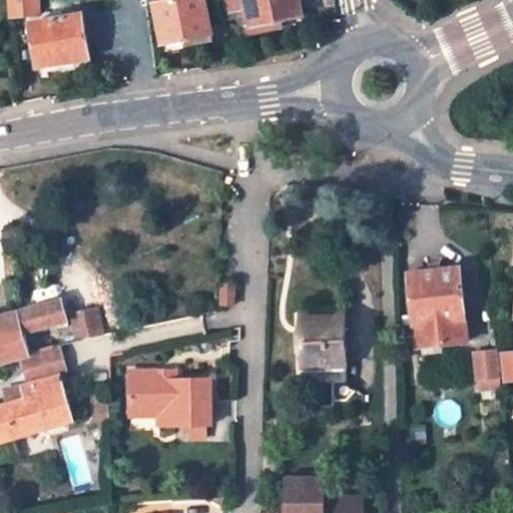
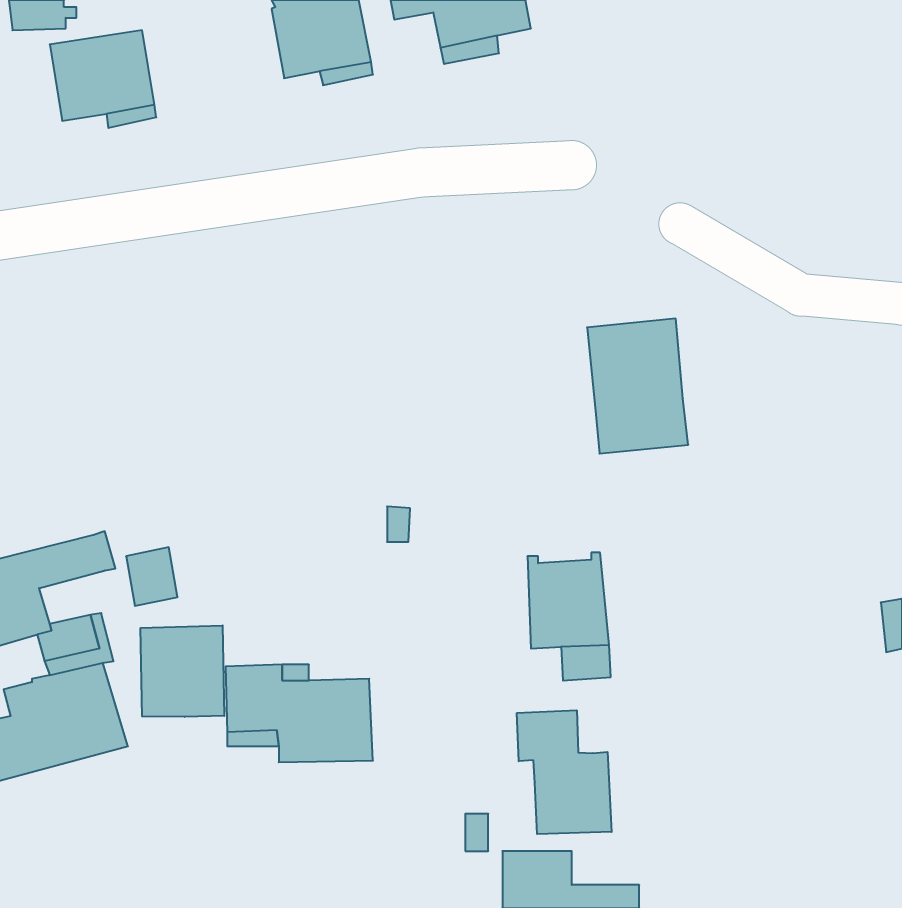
building: [408,270,465,346] -> [587,319,688,454]
building: [472,340,497,379] -> none
building: none -> [141,625,224,717]
building: none -> [517,710,612,834]

